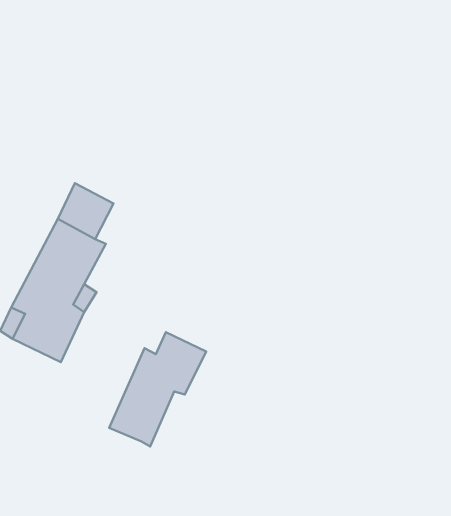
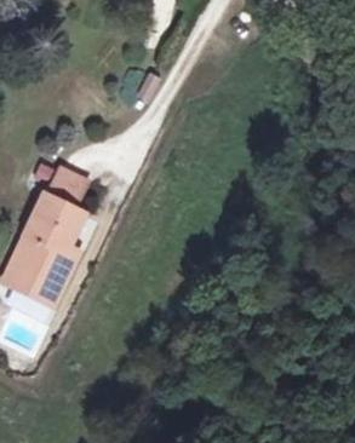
building: [109,332,206,446] -> none

